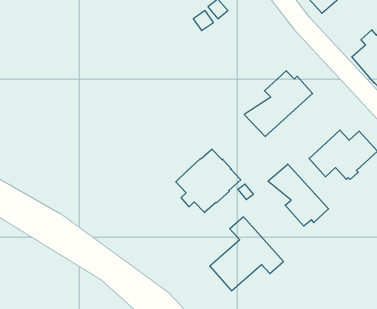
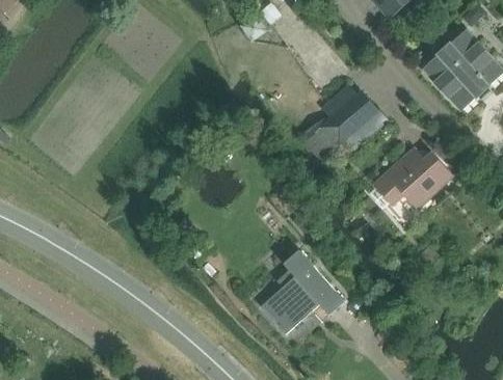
building: [176,149,241,213] -> none
building: [268,164,329,226] -> none

